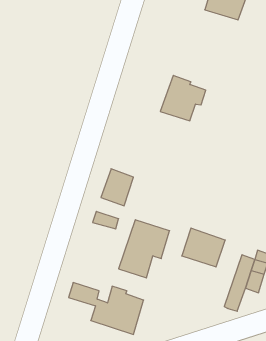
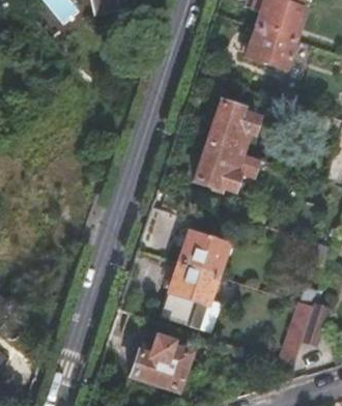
building: none -> [248,28,295,69]
building: none -> [194,142,261,191]
building: [182,228,225,267] -> [180,232,229,276]

